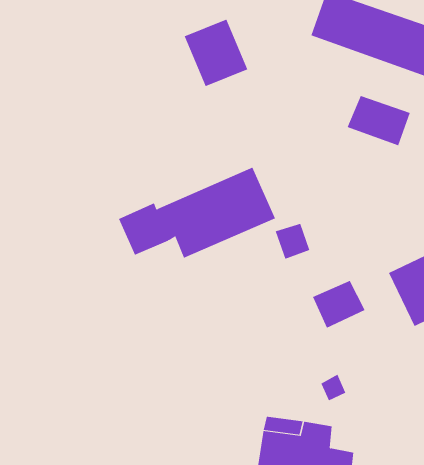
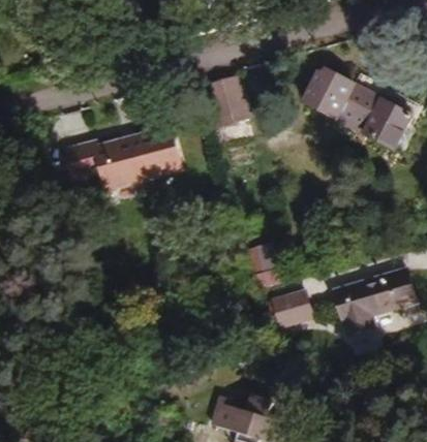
building: [347,95,410,146] -> none
building: [118,167,276,259] -> [60,127,181,189]

